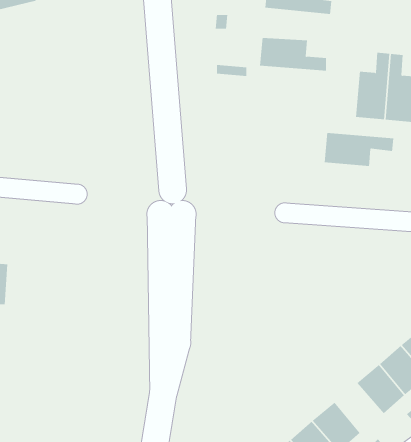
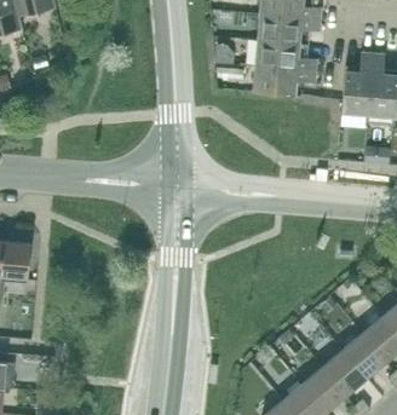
building: none -> [258,13,320,42]
building: [324,133,394,166] -> [253,65,316,96]
building: none -> [323,350,367,394]

